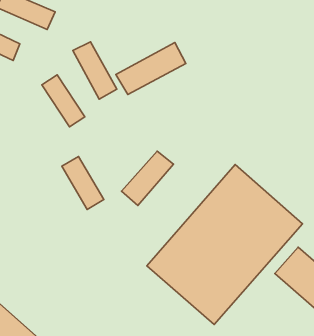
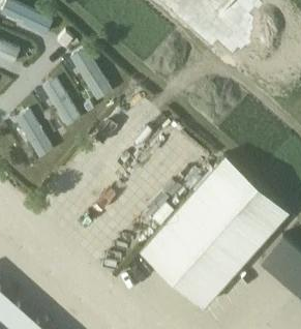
building: [116,43,186,95] -> none
building: [122,151,173,205] -> none
building: [62,156,104,209] -> [14,108,54,157]

